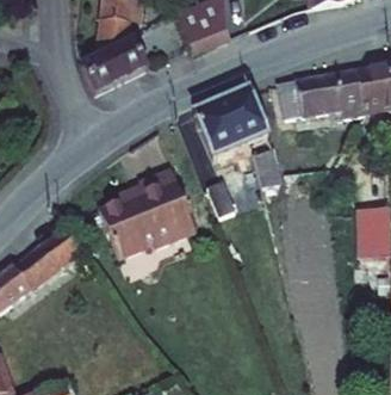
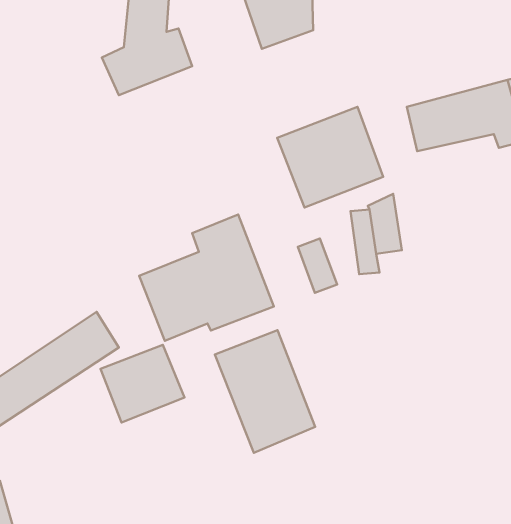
building: none -> [215,330,315,453]
building: none -> [101,345,185,423]

